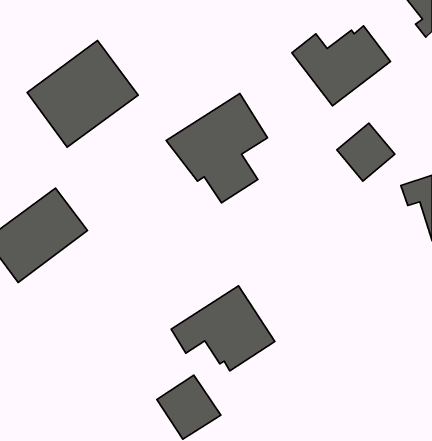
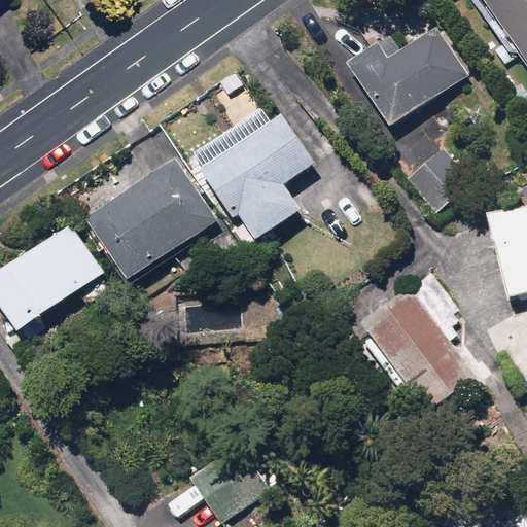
building: [27,40,138,147] -> [83,154,215,281]
building: none -> [361,287,475,411]
building: [171,286,275,371] -> none

